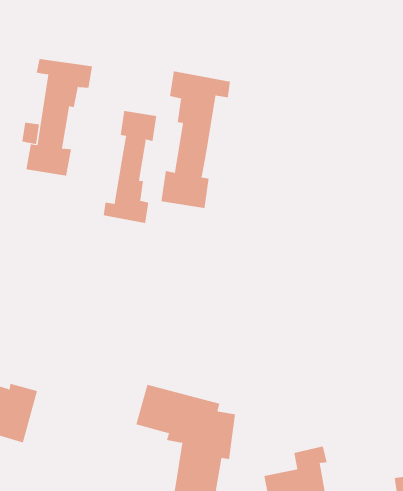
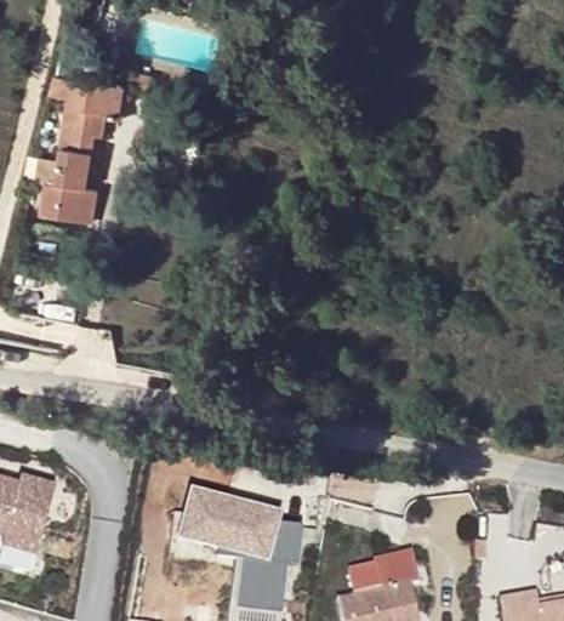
building: [161,71,230,209] -> none
building: [103,110,157,224] -> none

